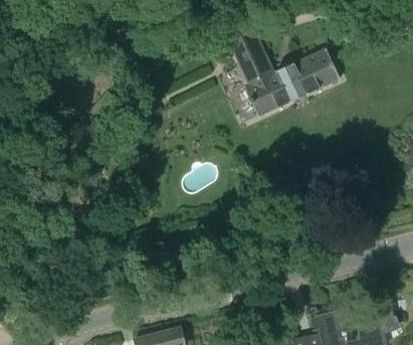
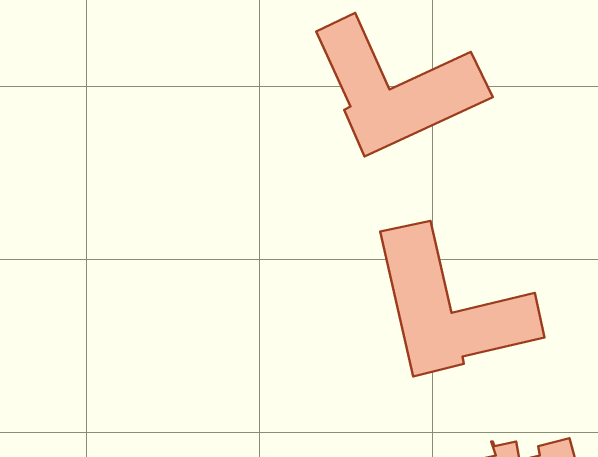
building: none -> [380,221,544,377]

